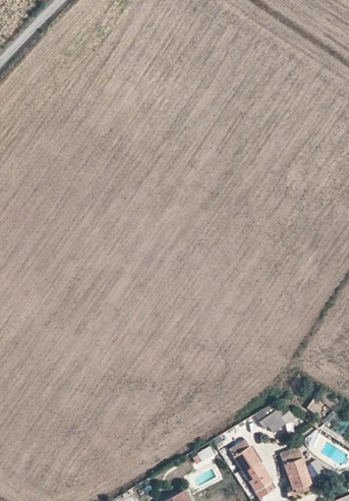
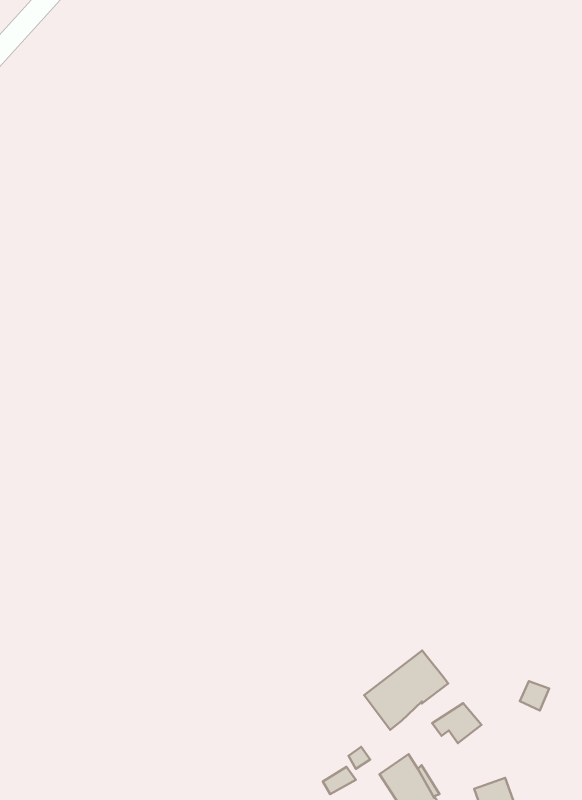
building: none -> [364,650,448,730]

